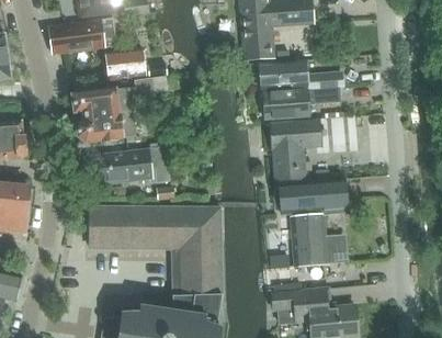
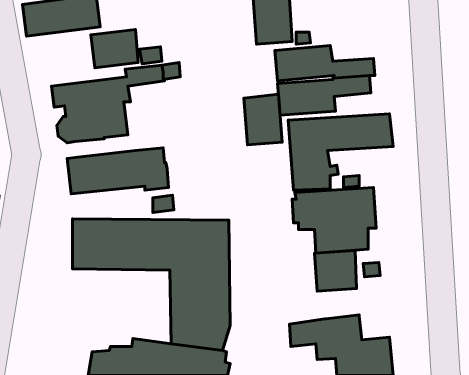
building: none -> [244,94,282,145]

